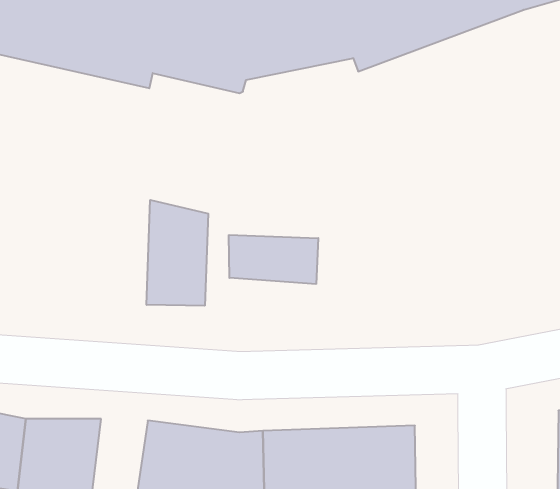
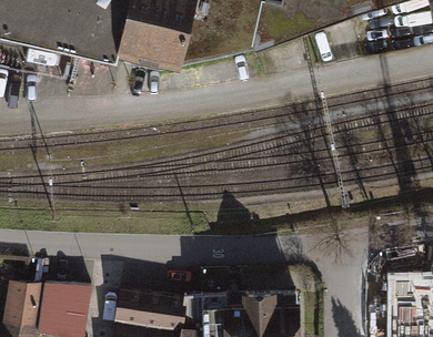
building: [147,200,208,306] -> none
building: [229,235,318,284] -> none

